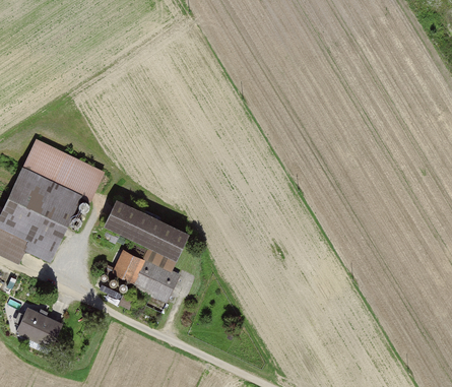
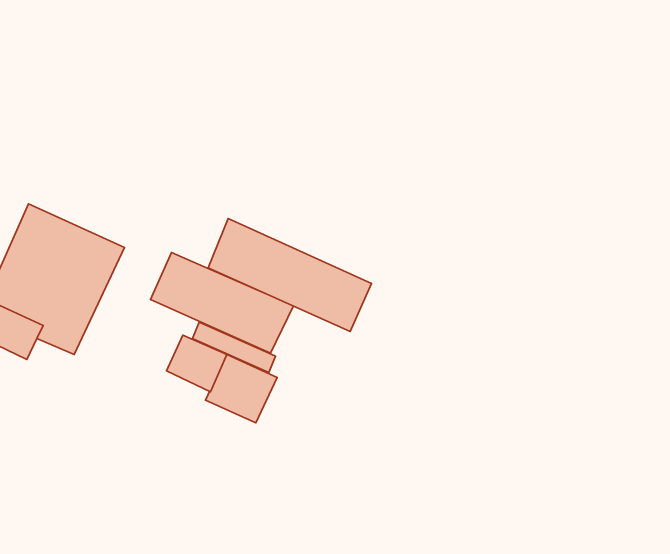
building: [23,139,106,197] -> none
building: none -> [208,219,372,331]
building: [16,306,66,349] -> none

